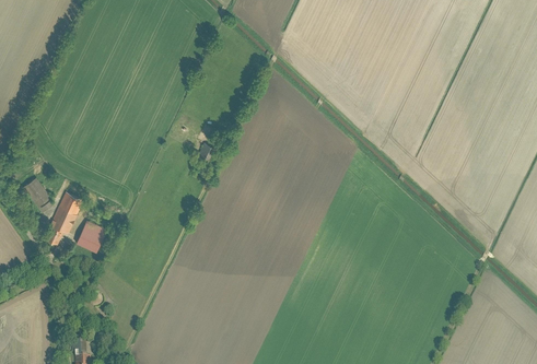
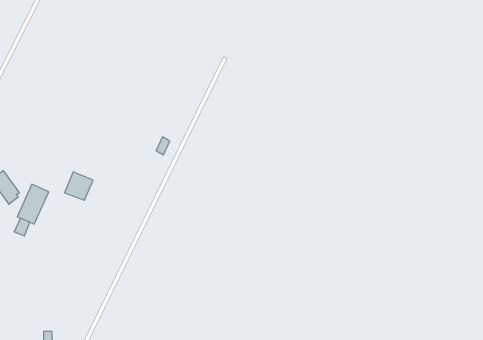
building: [77,222,106,251] -> [65,172,93,200]

